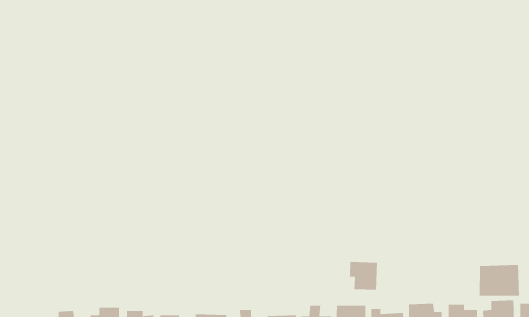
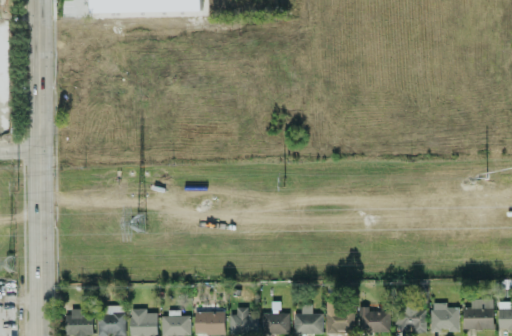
building: [349,261,377,291] -> none
building: [479,264,520,296] -> none

